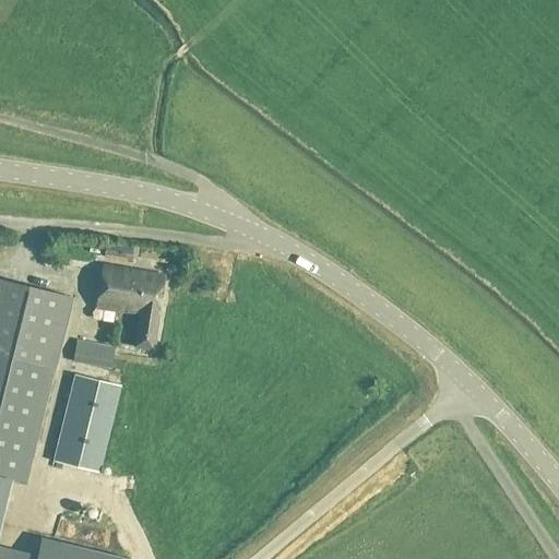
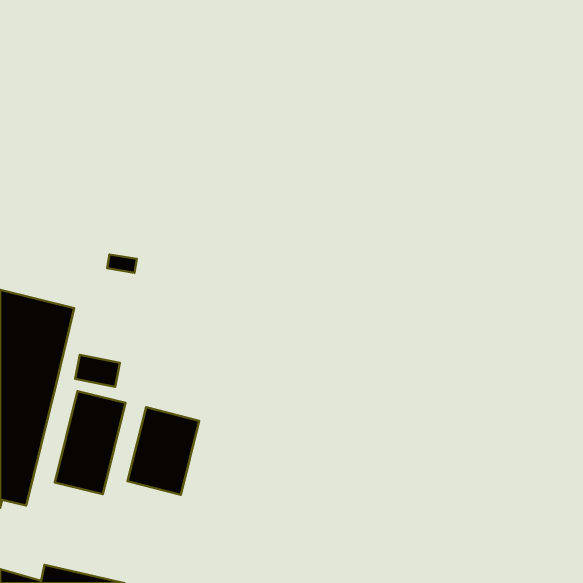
building: [95,265,163,350] -> none
building: none -> [128,407,199,495]

